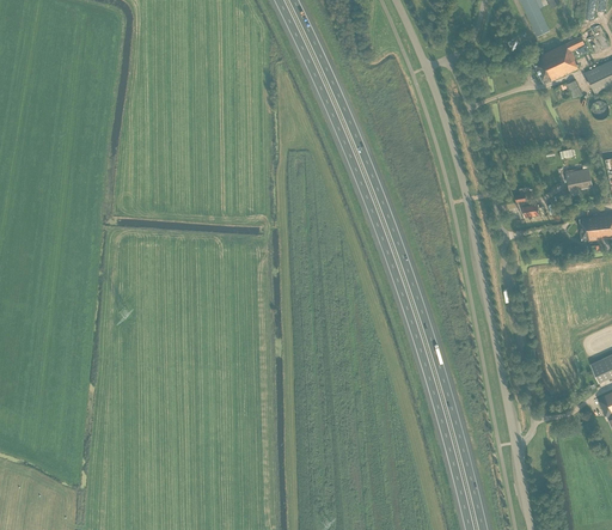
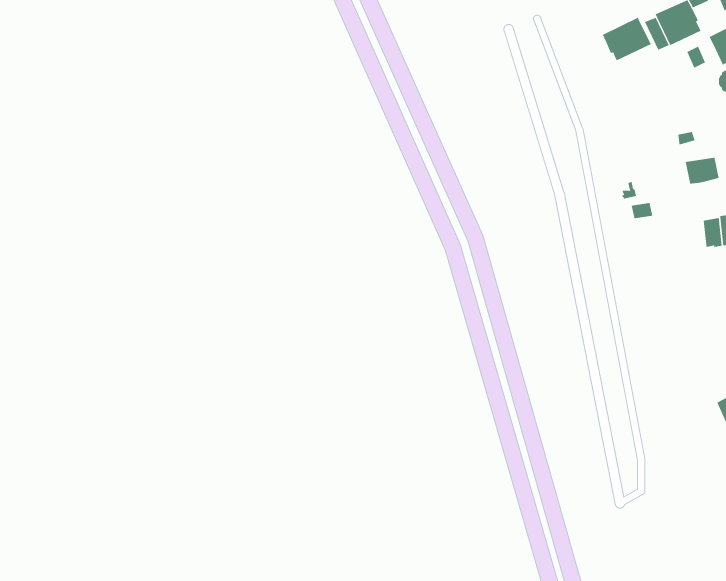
building: none -> [602,17,651,61]

